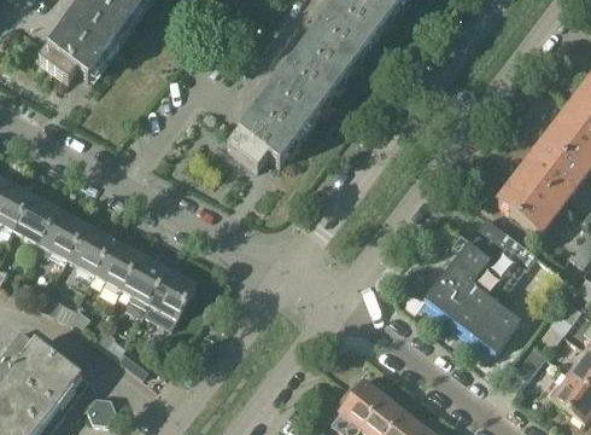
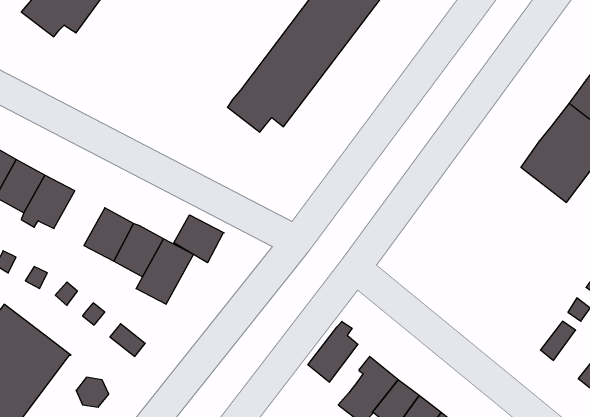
building: [425,216,537,352] -> none
building: [66,222,113,273] -> none
building: none -> [174,215,224,263]
building: none -> [308,321,358,382]

